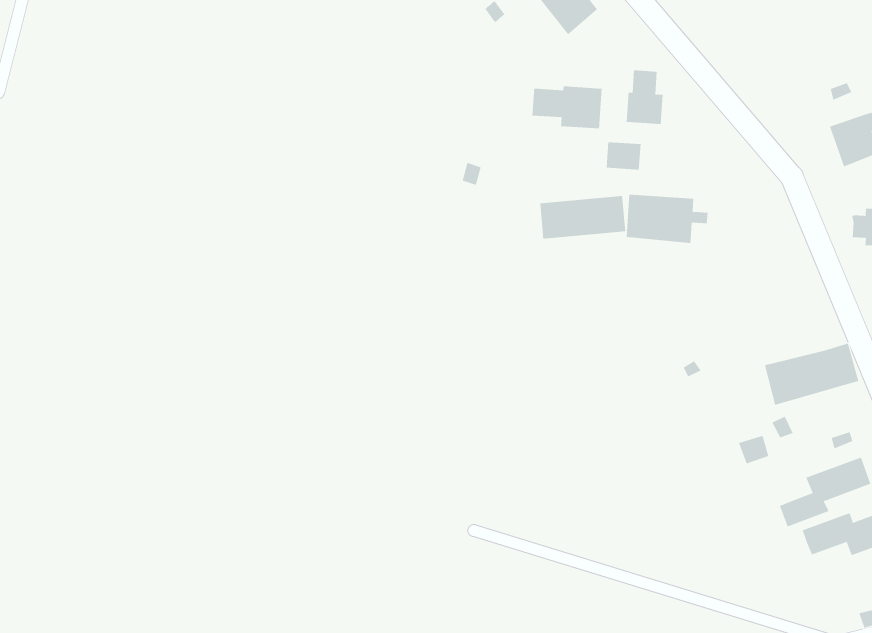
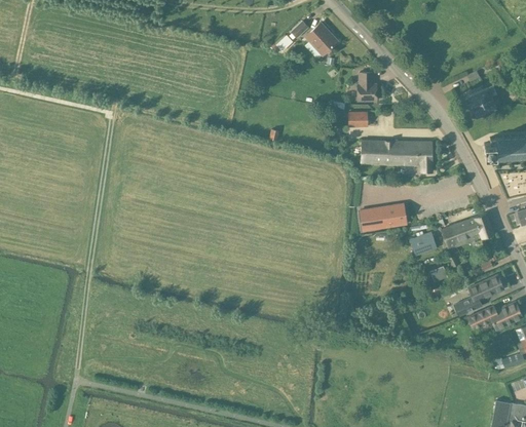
building: [532,85,602,129] -> none
building: [539,196,626,239] -> [360,204,408,231]
building: none -> [398,141,434,172]
building: none -> [410,233,438,257]

